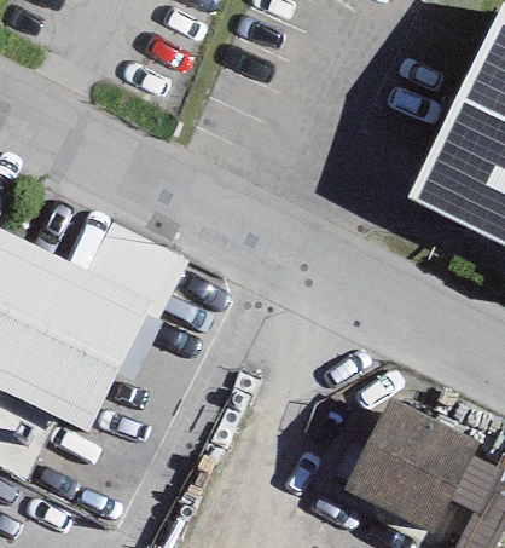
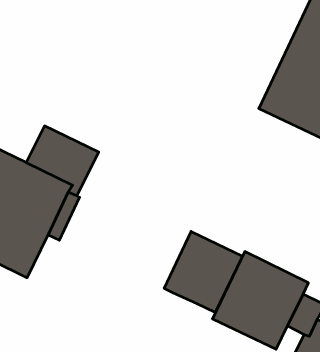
building: none -> [164,231,243,313]

